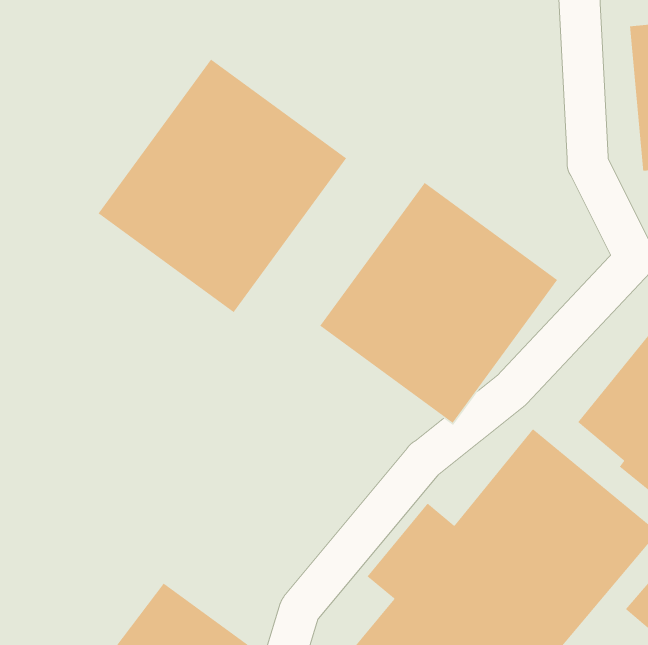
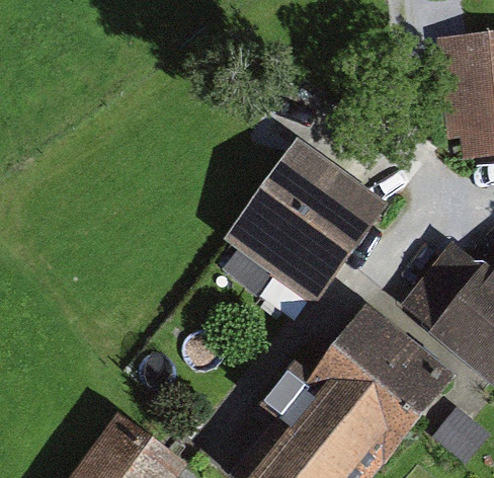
building: [97,58,347,313] -> none

